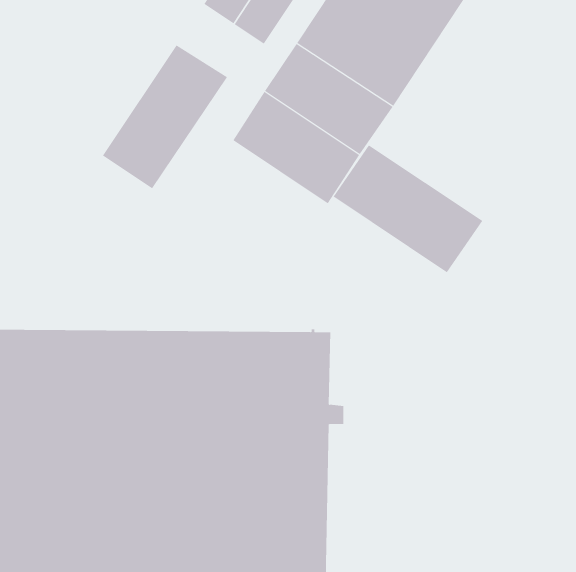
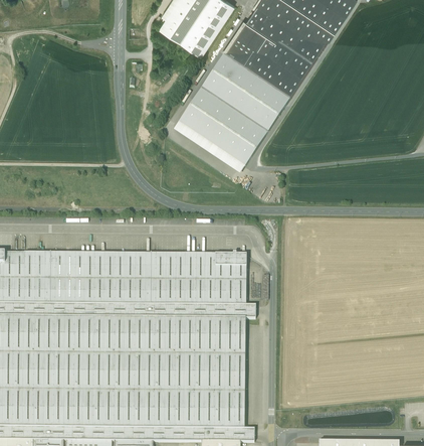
building: [102,44,228,189] -> none
building: [333,144,483,273] -> none

